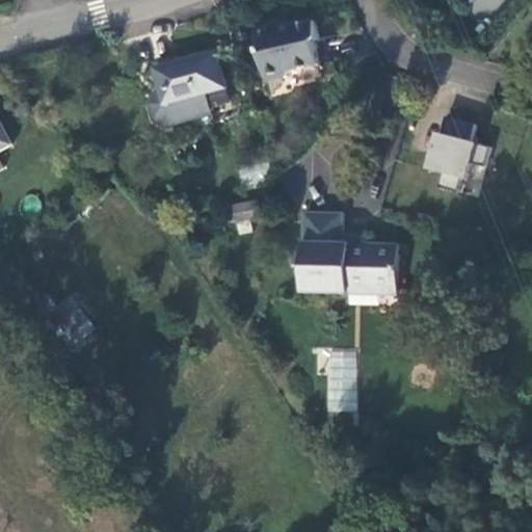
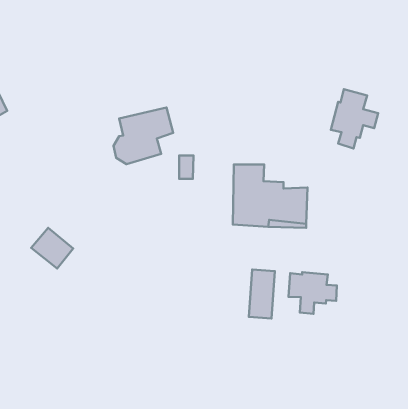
building: [255,22,319,81] -> none
building: [148,53,224,127] -> [114,107,173,164]
building: none -> [288,272,337,314]

